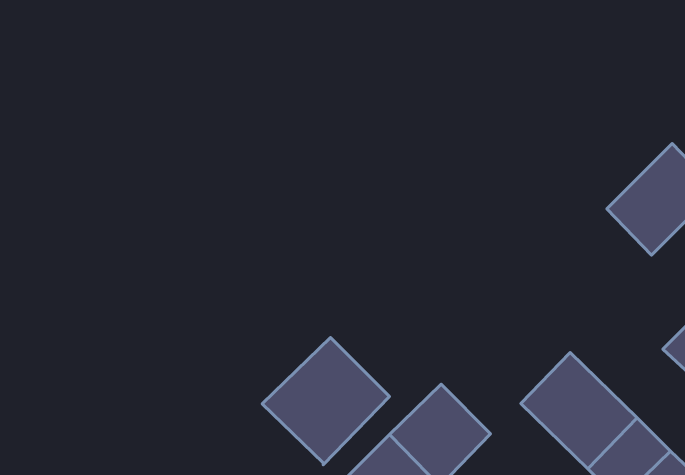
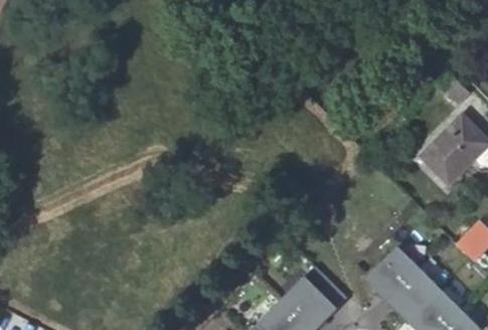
building: [262,337,390,465] -> none

